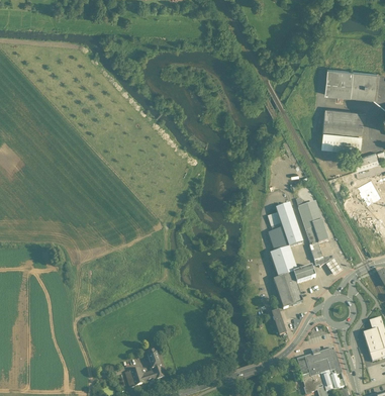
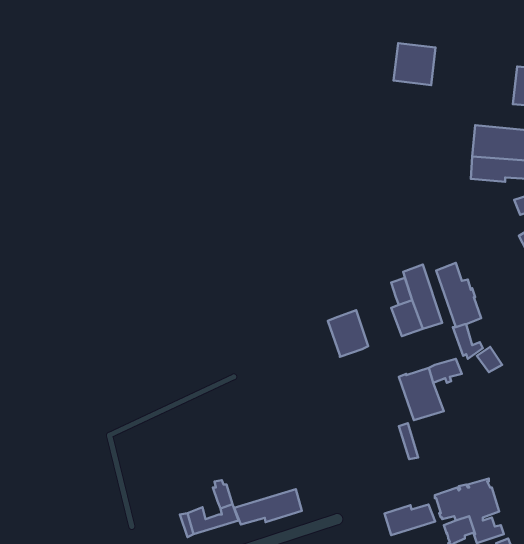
building: [324,68,353,96] -> [394,43,436,85]
building: [270,247,297,279] -> [328,310,368,357]
building: none -> [234,489,302,525]
building: none -> [385,504,435,535]

